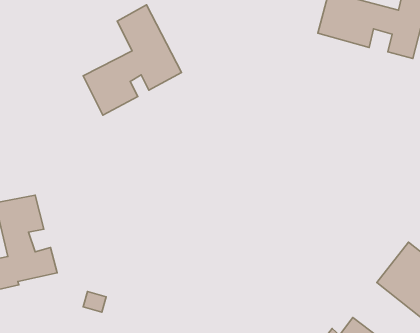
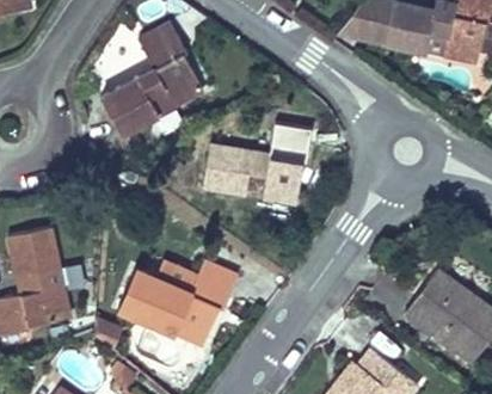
building: none -> [197,122,305,203]
building: none -> [112,259,225,339]

